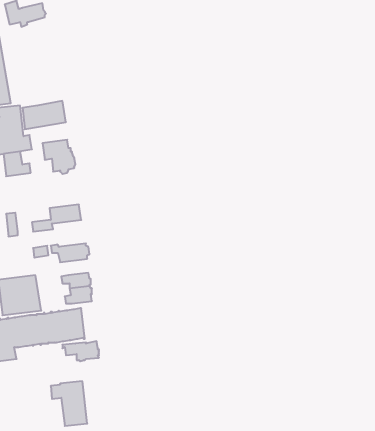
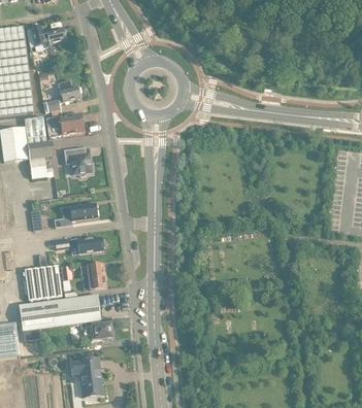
building: none -> [45,79,79,111]

